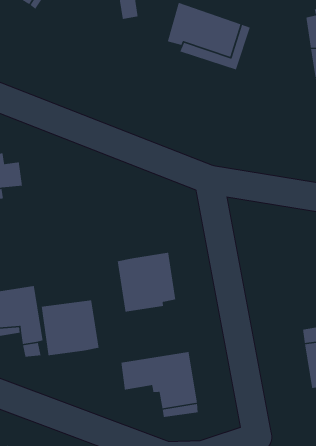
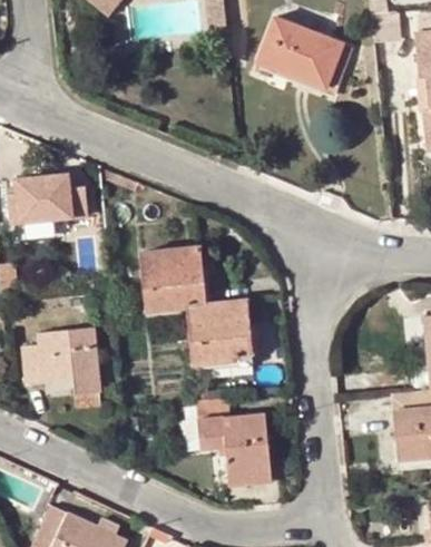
building: [41,299,100,356] -> [140,246,204,307]

